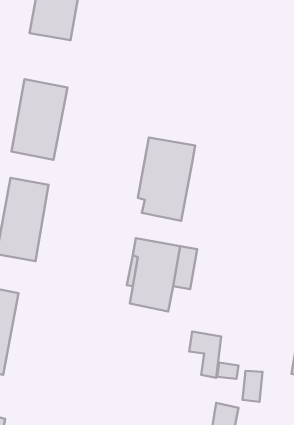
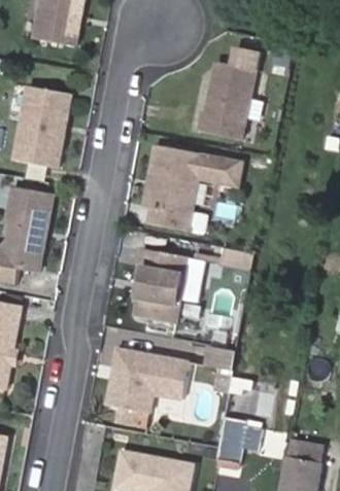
building: none -> [200,62,256,140]
building: none -> [200,153,240,183]
building: none -> [108,349,190,412]

